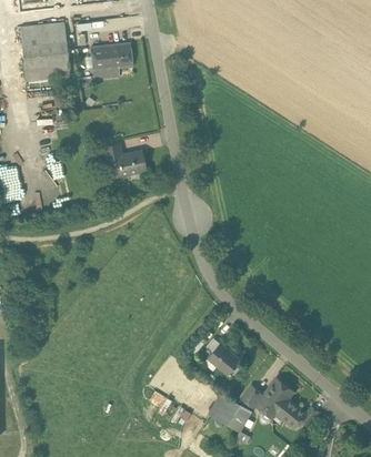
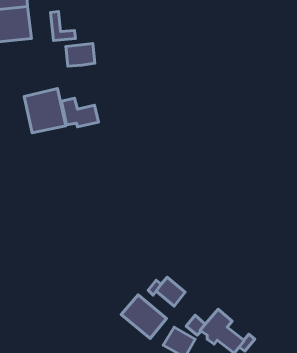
building: [100,43,132,69] -> [66,43,95,66]
building: none -> [24,89,66,133]
building: none -> [121,295,166,338]

